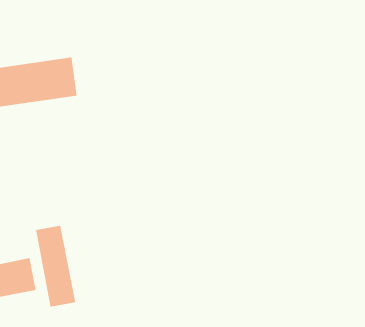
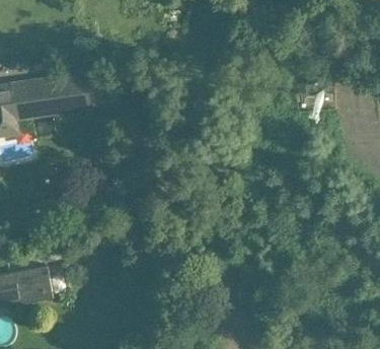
building: [36,225,76,308] -> none

